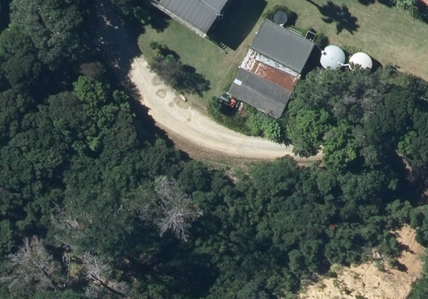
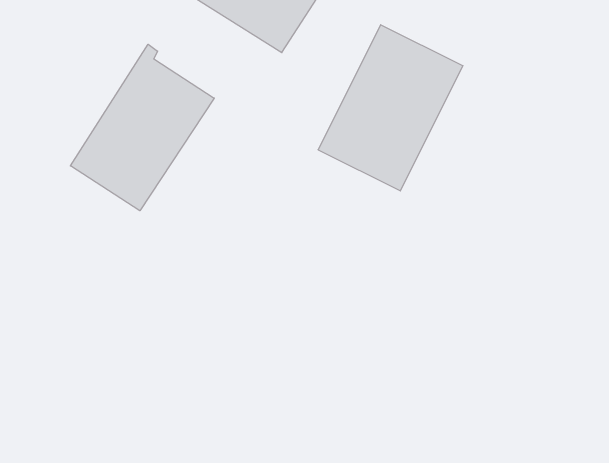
building: none -> [70,44,214,211]

